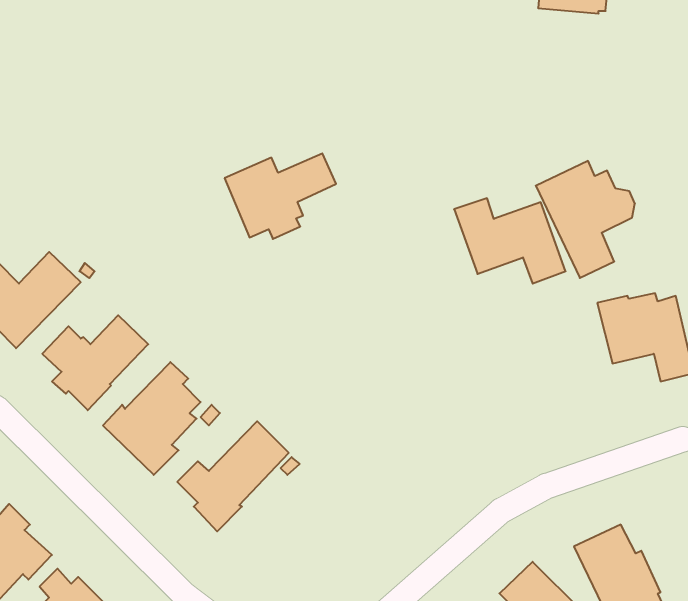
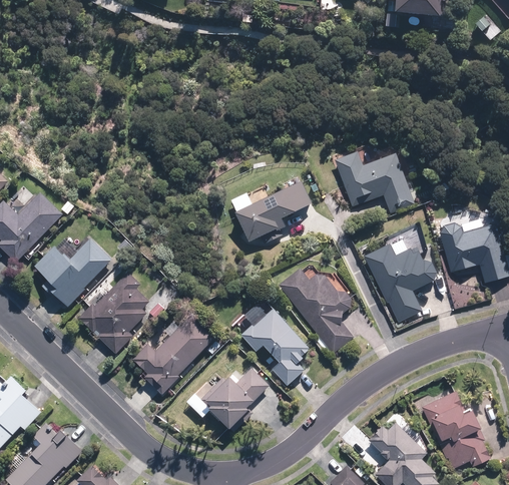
building: [225,153,336,239] -> [229,182,311,245]
building: [536,161,635,278] -> [365,238,437,324]
building: none -> [279,269,354,354]
building: none -> [241,308,311,387]
building: none -> [185,366,269,431]

